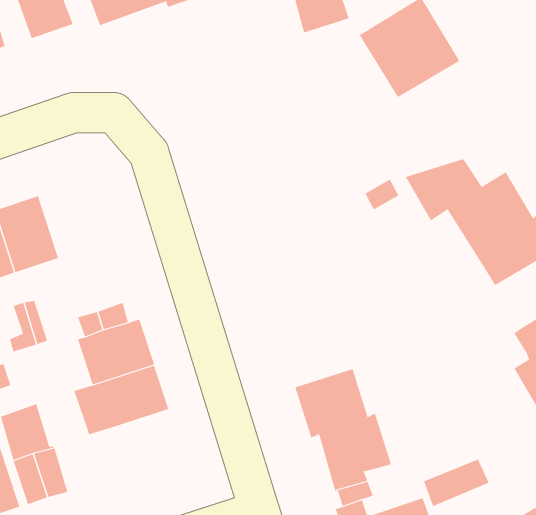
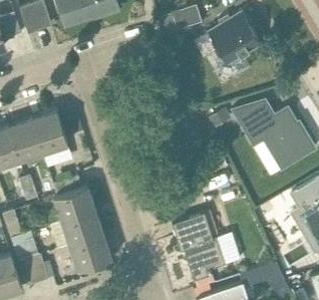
building: none -> [32,111,67,154]
building: none -> [69,236,111,271]

